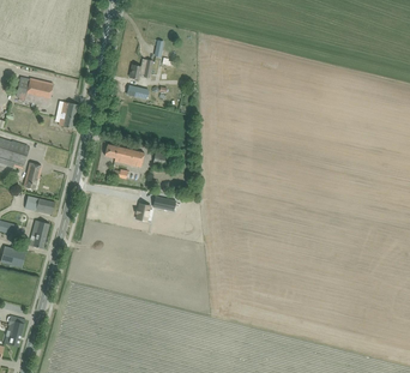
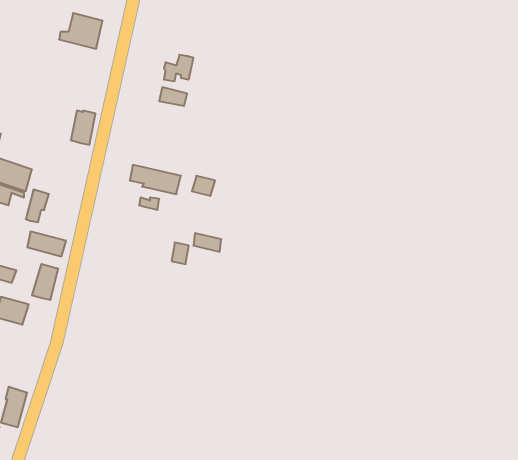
building: [19,79,53,107] -> [59,13,103,49]

